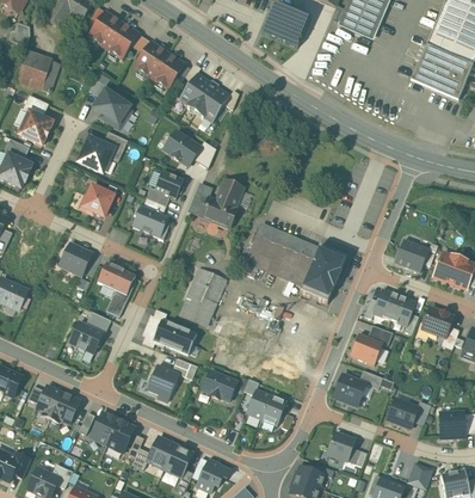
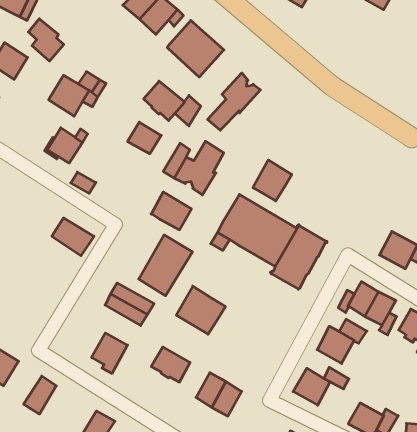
building: [97,90,130,127] -> [28,19,64,61]
building: none -> [208,73,260,130]
building: none -> [253,160,292,201]
building: [132,204,168,236] -> [151,192,191,230]
building: [60,242,92,273] -> none
building: none -> [176,286,225,334]
building: [69,320,103,352] -> none
building: [106,418,137,454] -> none

